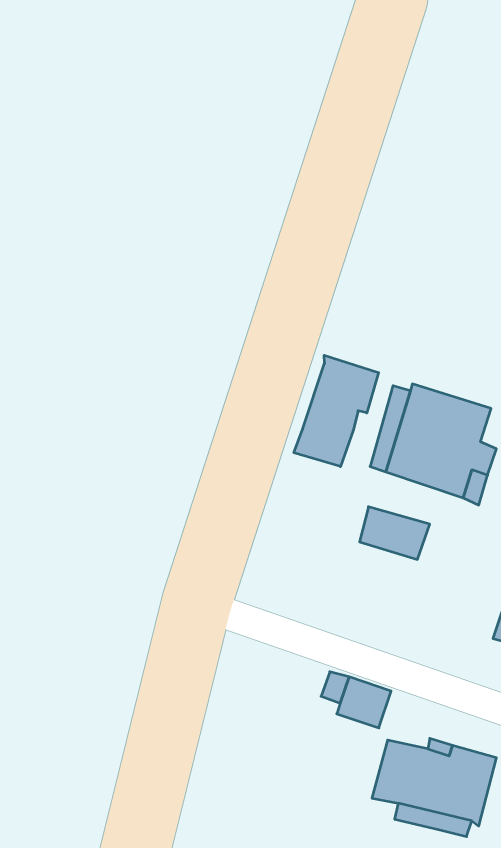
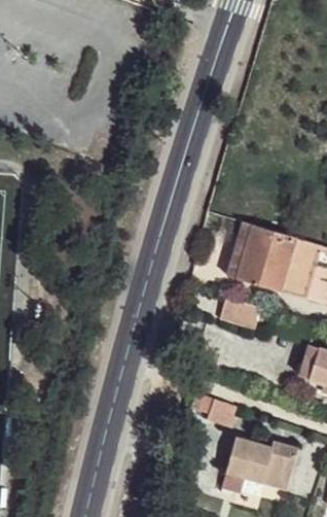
building: [294,355,379,467] -> none

